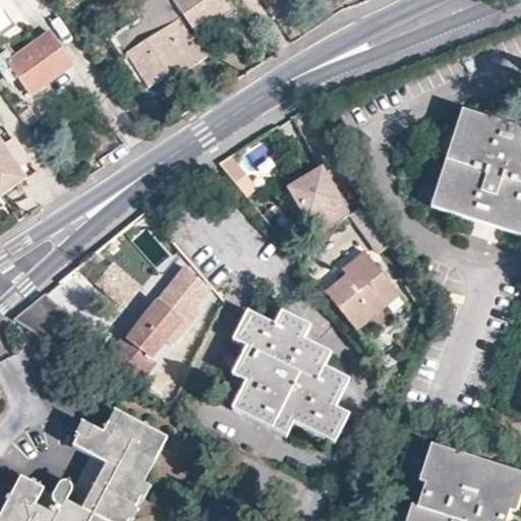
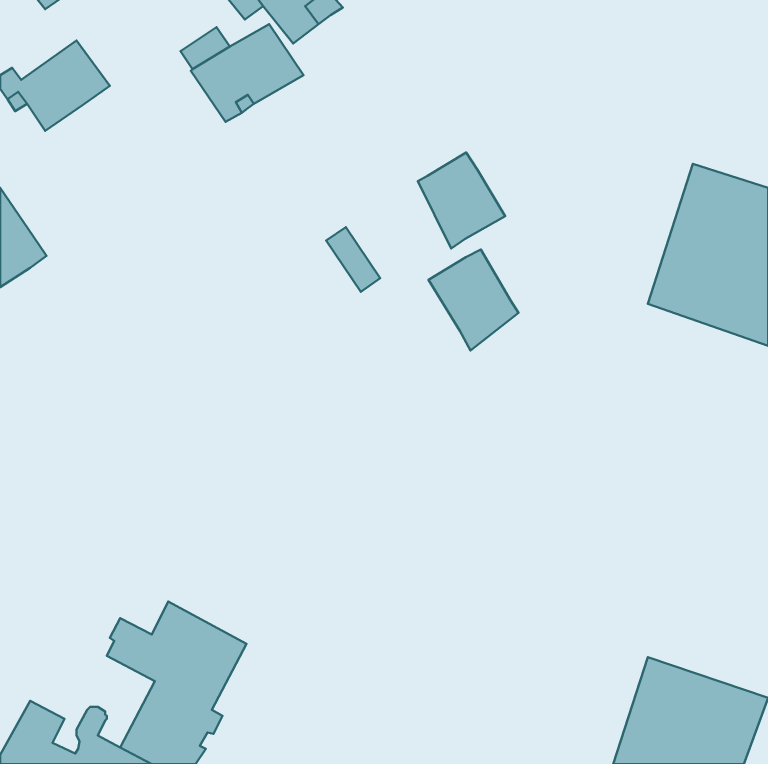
building: none -> [418,152,505,249]
building: [325,249,400,329] -> none
building: [108,266,208,377] -> none
building: [230,308,348,442] -> none

